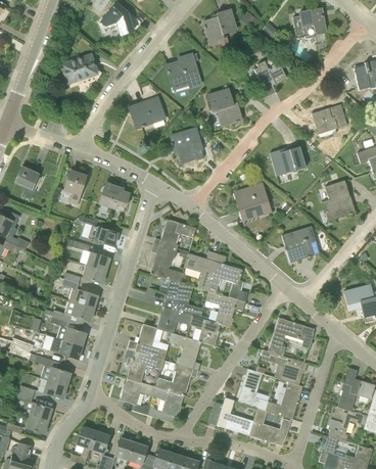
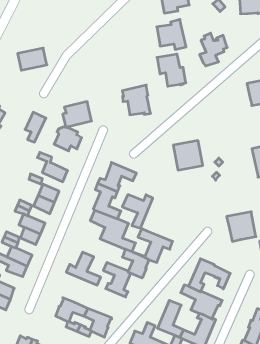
building: [166,53,201,88] -> [157,19,186,49]
building: [61,55,96,83] -> [18,48,47,70]
building: [131,97,165,129] -> [63,102,92,127]
building: [269,146,304,176] -> none
building: [283,226,319,262] -> [227,212,256,241]
building: [206,254,247,301] -> none
building: [156,308,191,333] -> none
building: [124,348,163,382] -> none
building: [155,363,197,395] -> none

